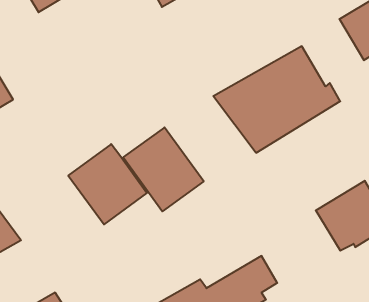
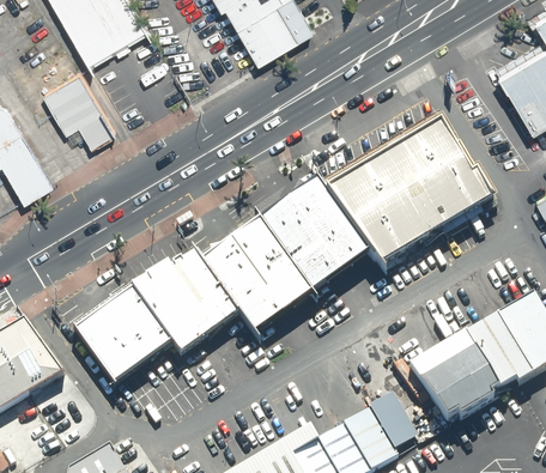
building: none -> [42,73,115,148]
building: none -> [265,182,375,296]
building: none -> [65,289,162,383]
building: none -> [407,336,500,426]

